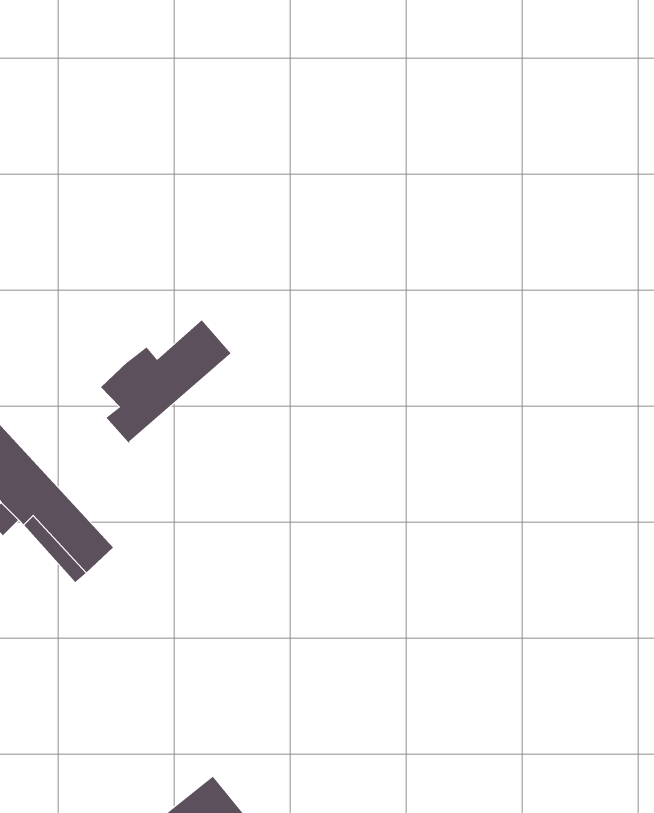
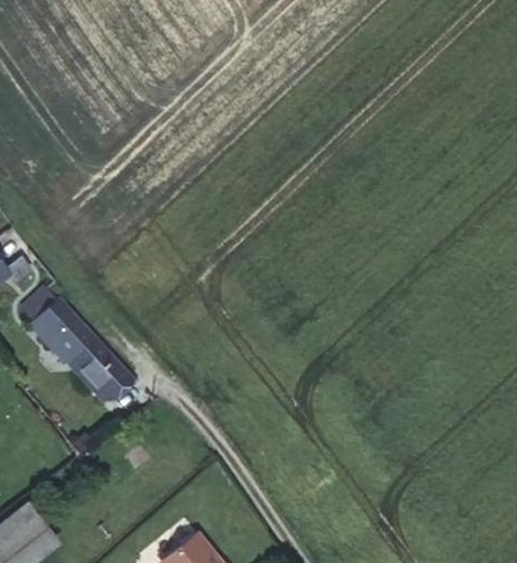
building: [100,320,232,445] -> none

